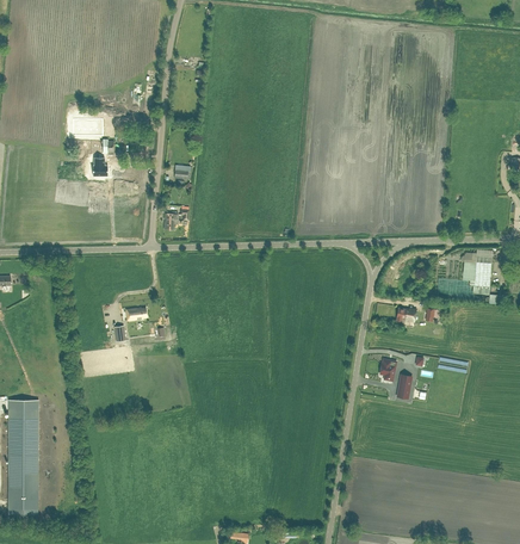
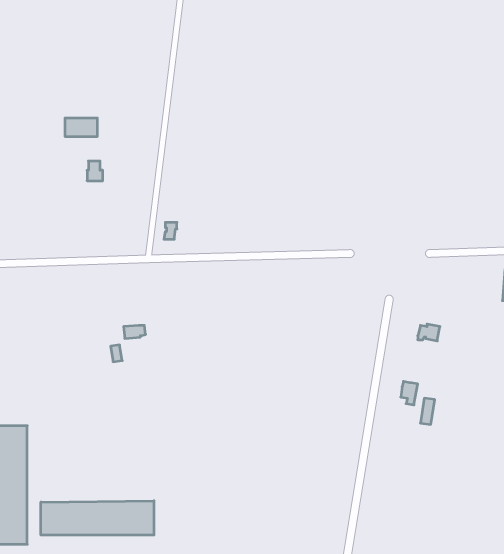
building: none -> [41,501,154,535]

